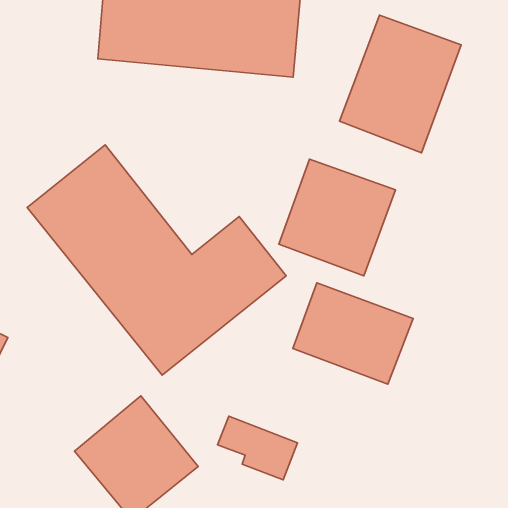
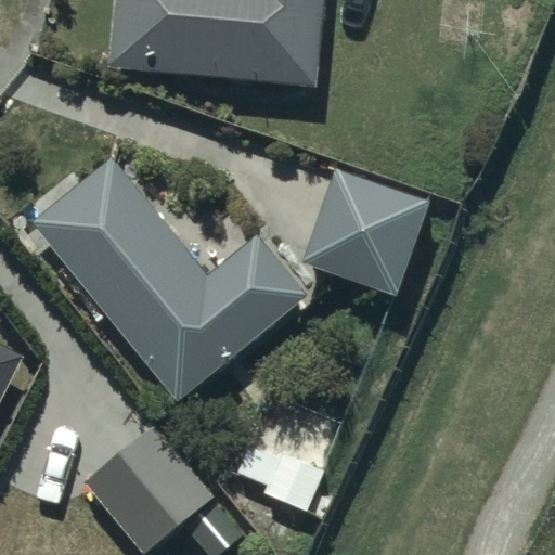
building: [340,15,461,153] -> none
building: [293,283,413,384] -> none

